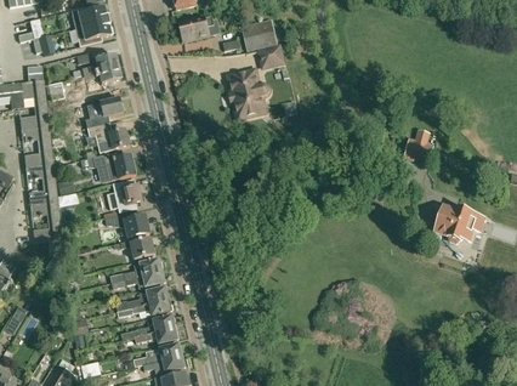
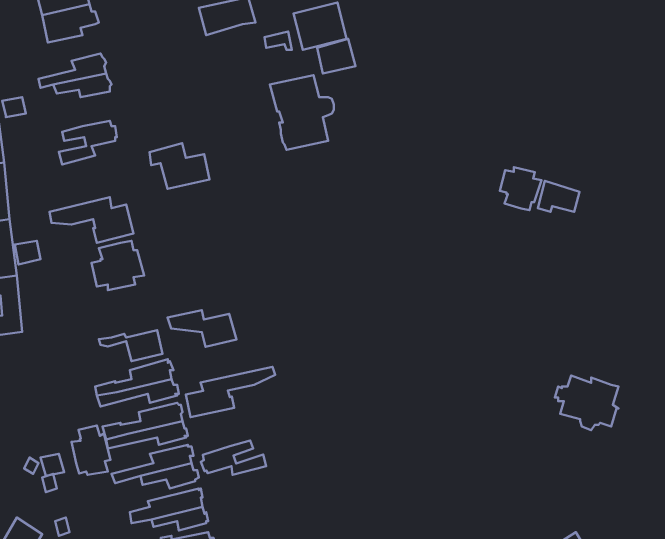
building: [87,121,127,152] -> [149,143,210,189]
building: none -> [500,167,541,210]
building: [431,206,473,243] -> [555,376,618,430]
building: [103,212,149,237] -> [167,310,237,347]
building: none -> [186,367,275,417]
building: none -> [72,425,111,475]
building: none -> [201,441,266,475]

